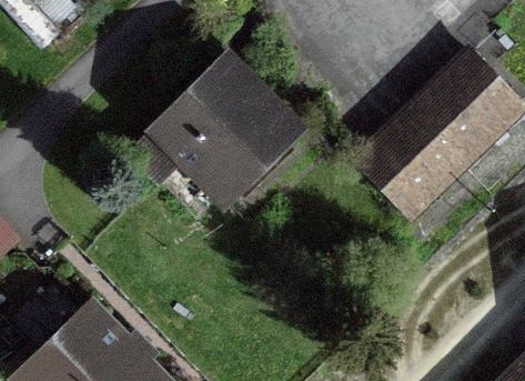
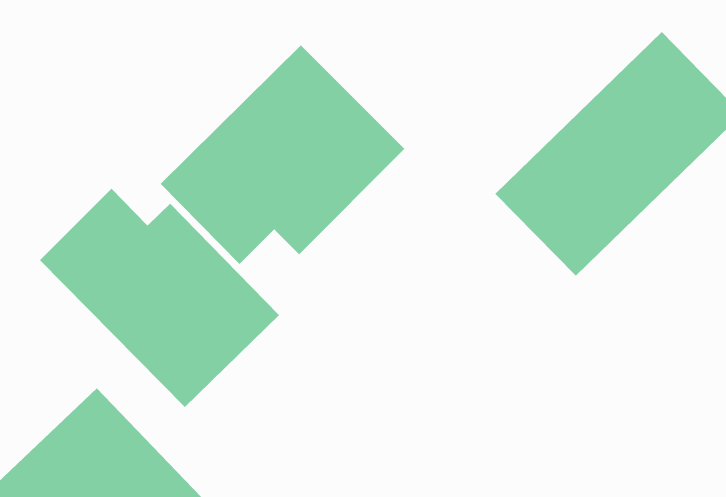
building: none -> [39,188,280,408]

